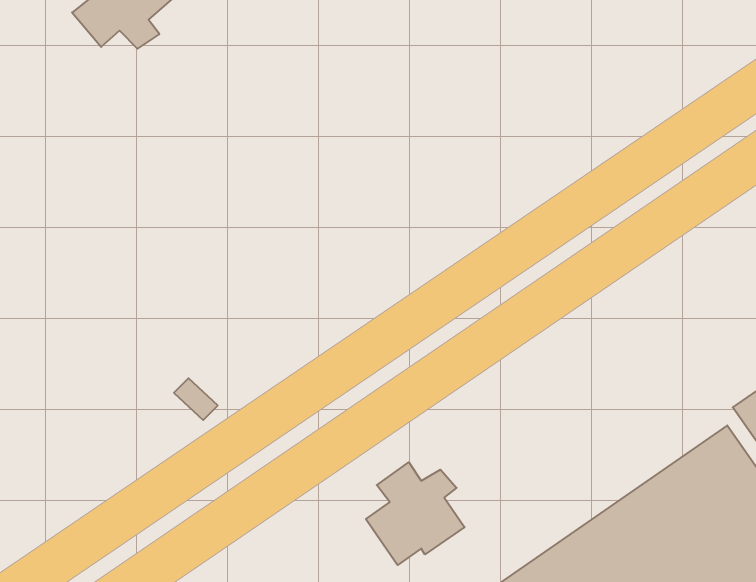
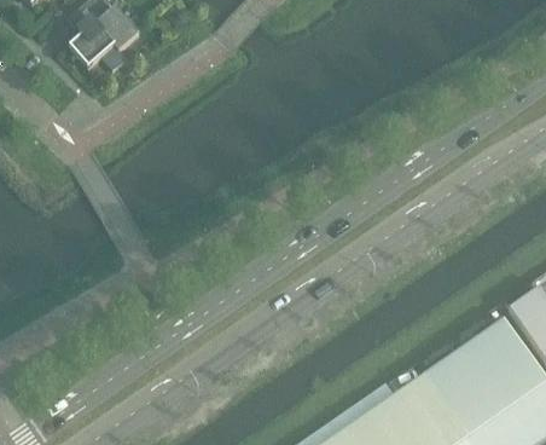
building: [366,462,465,565] -> none

